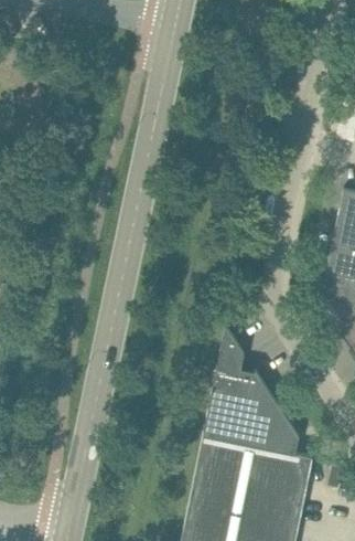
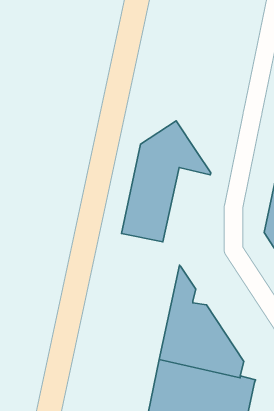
building: none -> [122,121,211,242]

